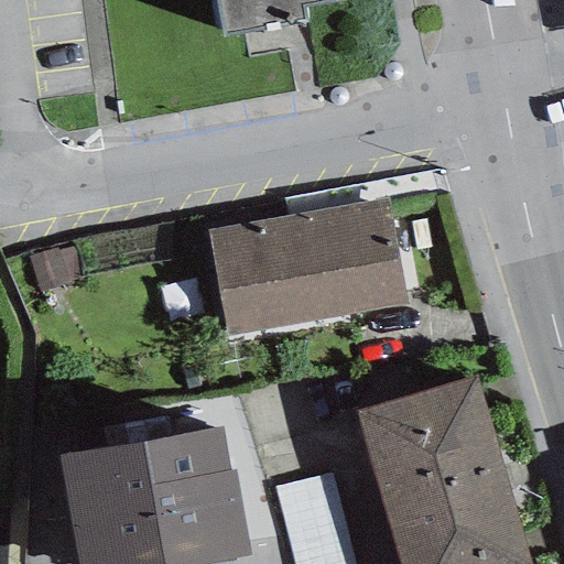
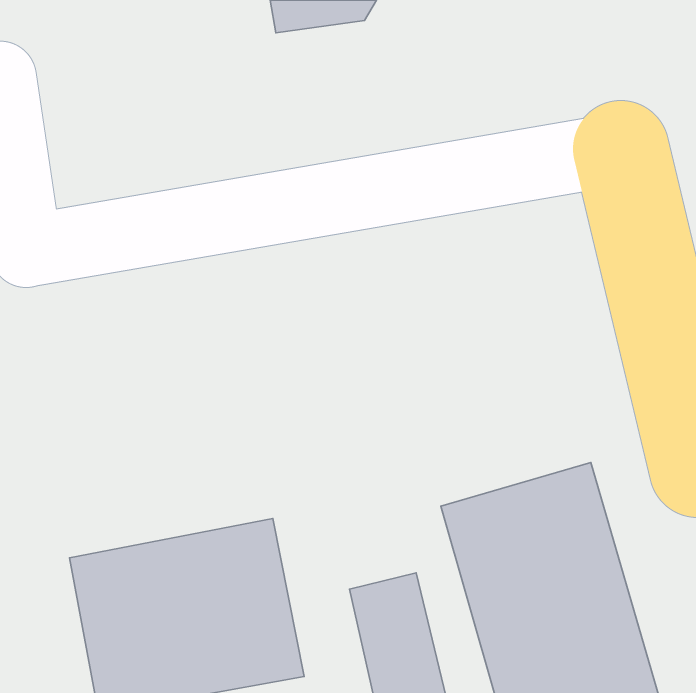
building: [207,197,409,339] -> none

